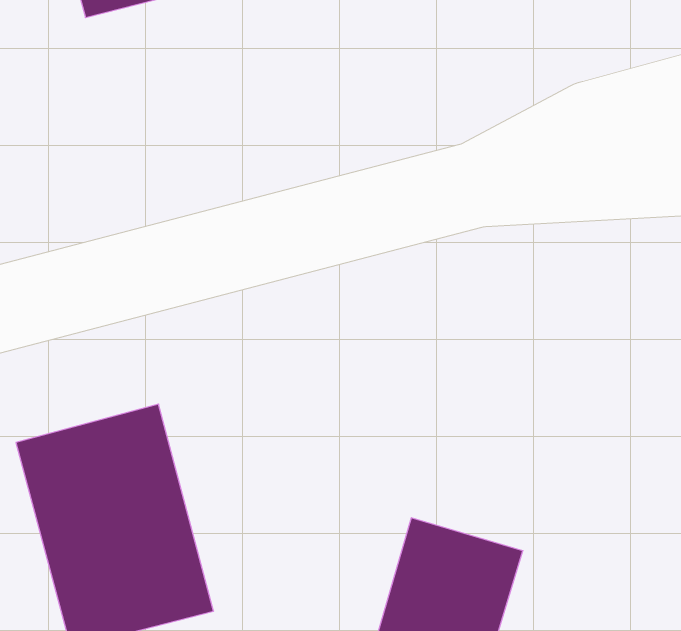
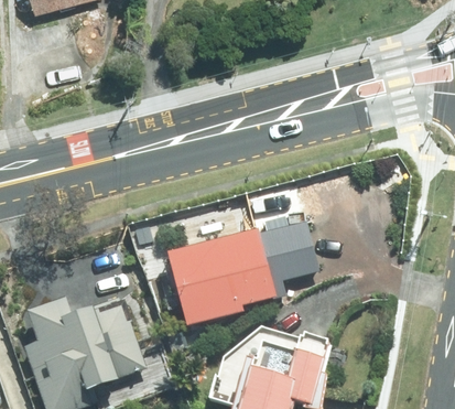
building: none -> [160,205,318,310]

